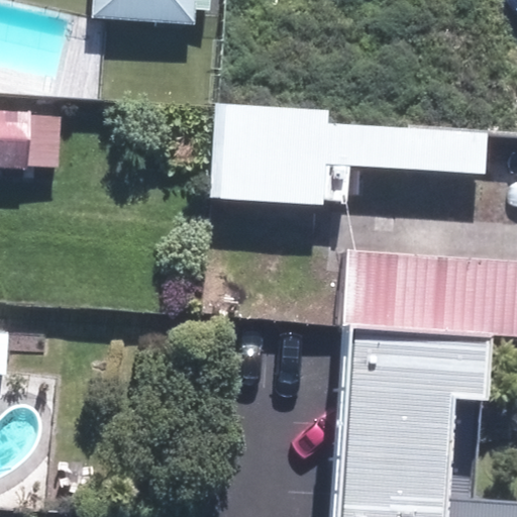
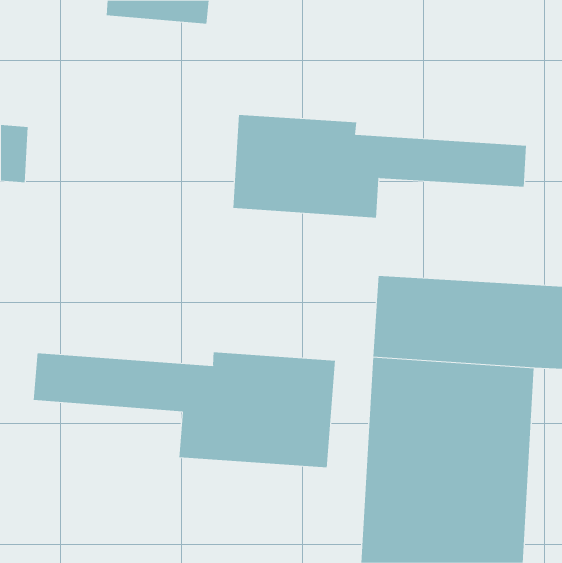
building: none -> [33,351,336,468]

